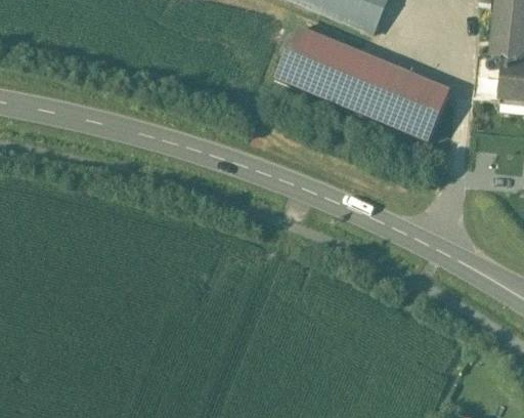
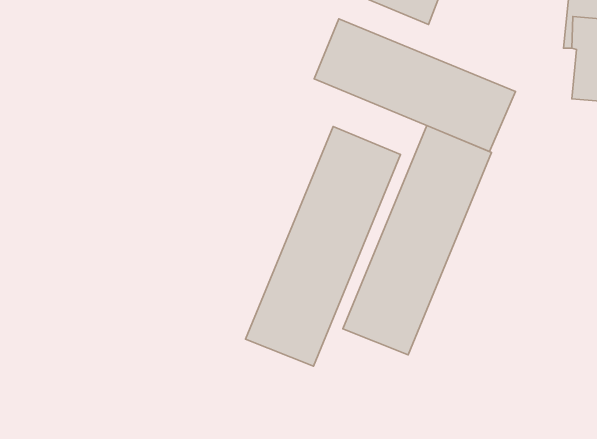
building: none -> [343,126,491,355]
building: none -> [245,127,400,366]

